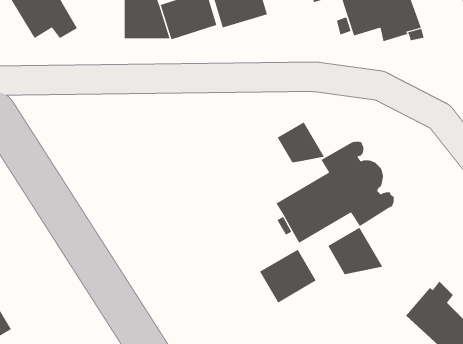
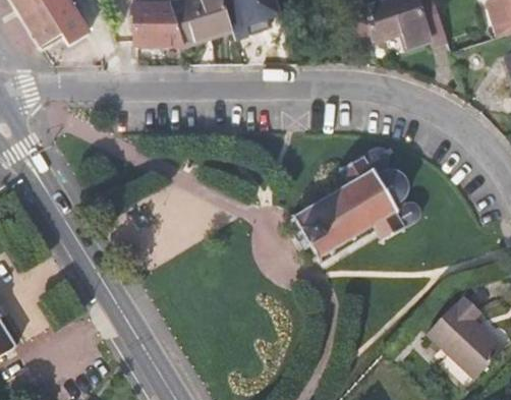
building: [277,121,325,163] -> none
building: [327,227,383,275] -> none
building: [259,249,317,303] -> none

